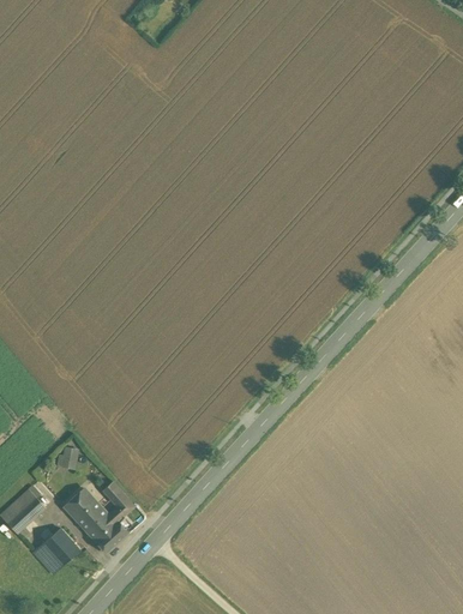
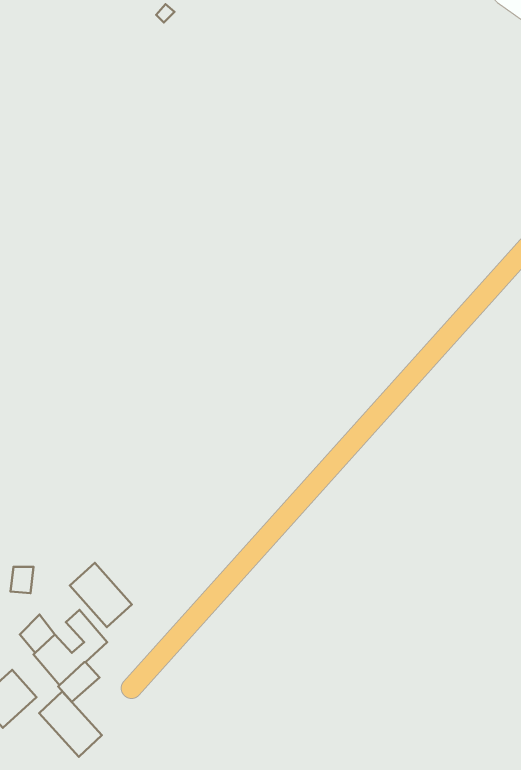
building: none -> [70,563,132,627]
building: none -> [39,691,102,757]

